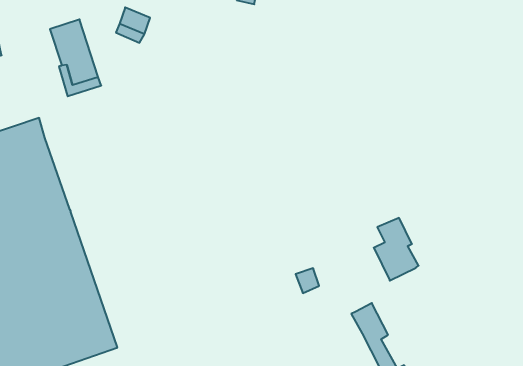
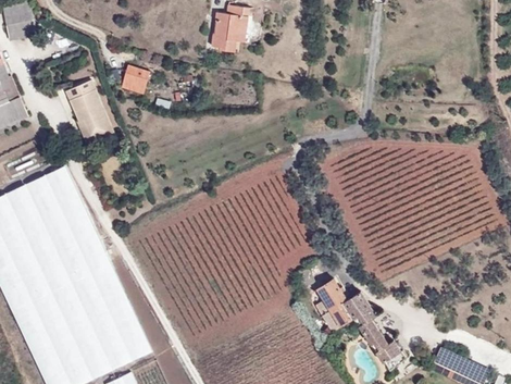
building: [374,218,419,281] -> [315,277,354,331]

